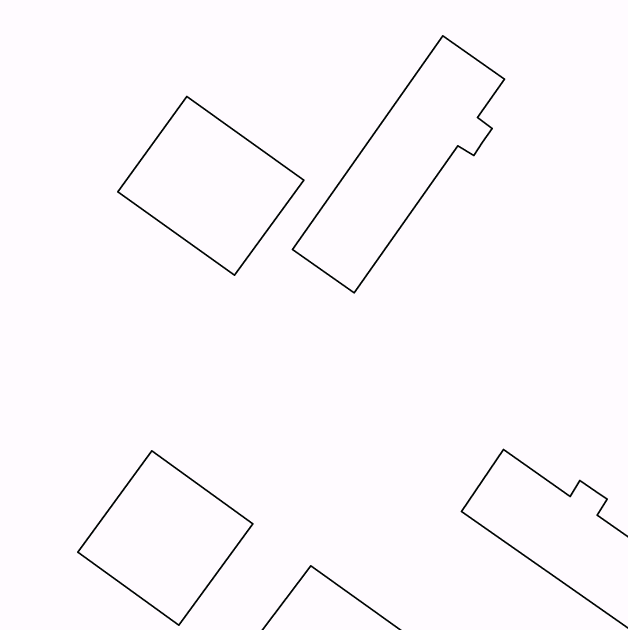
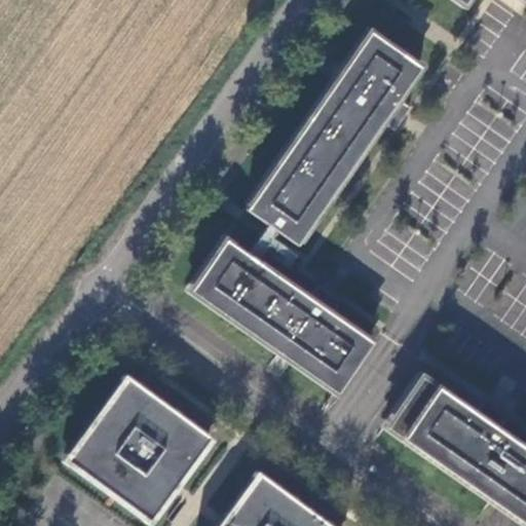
building: [118,97,304,275] -> none
building: none -> [189,237,372,393]

